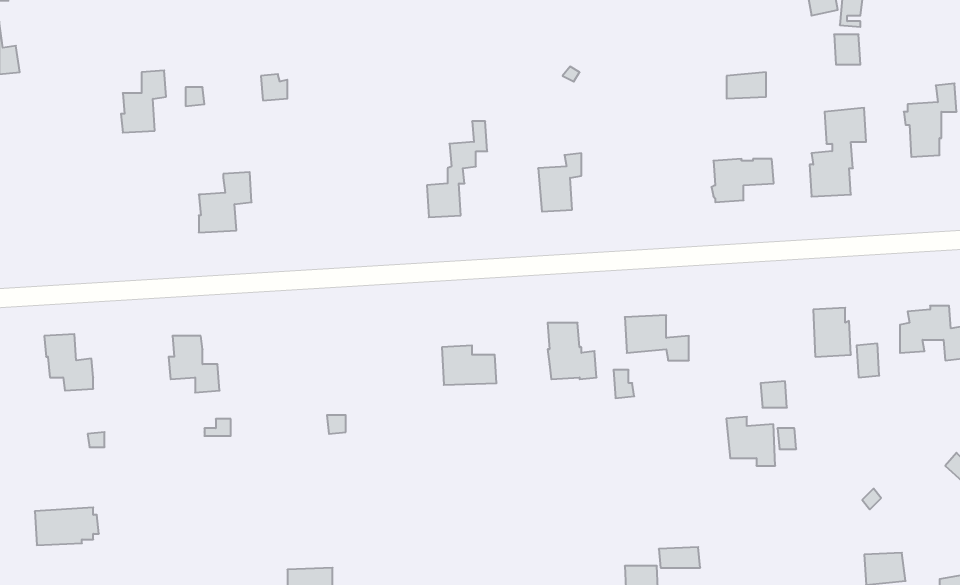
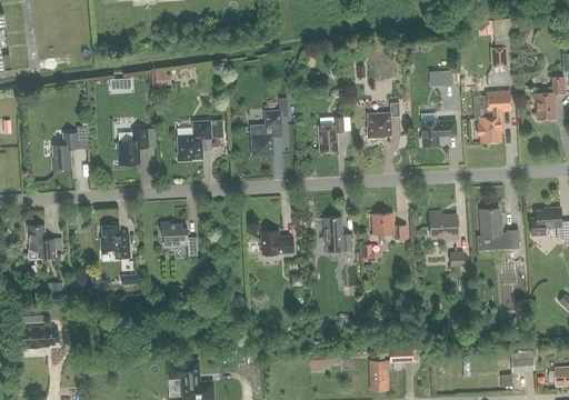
building: [121,70,166,133] -> [51,132,78,169]
building: none -> [367,103,400,139]
building: none -> [177,121,212,161]
building: none -> [160,222,198,257]
building: [726,417,775,466] -> [429,211,458,240]

